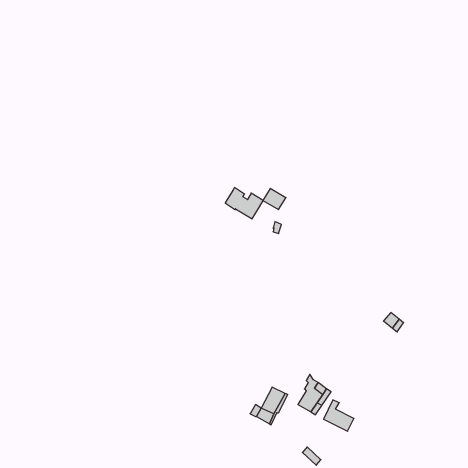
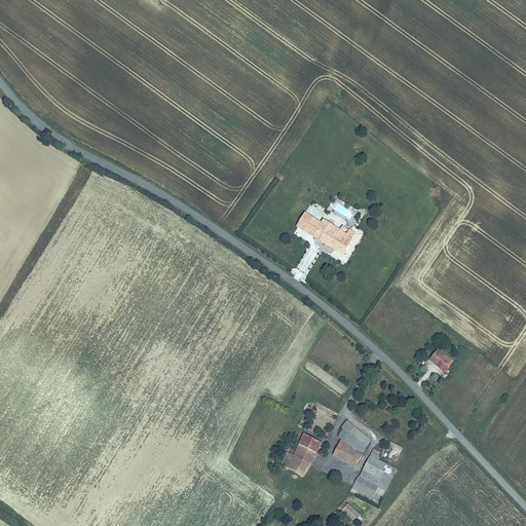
building: [225,188,263,219] -> [311,218,353,253]
building: none -> [353,468,388,493]

